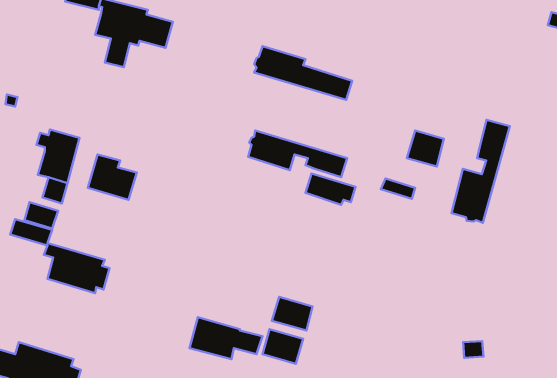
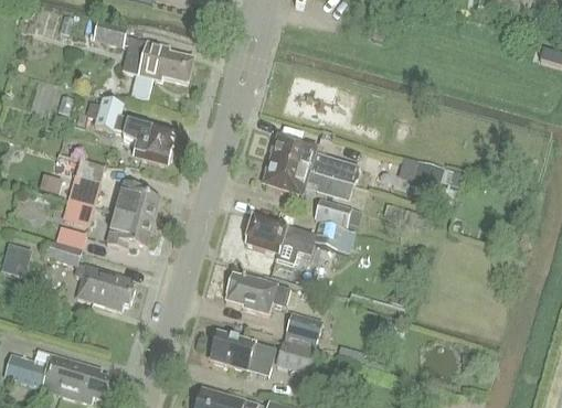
building: [254,46,352,100] -> [268,133,359,183]
building: none -> [93,96,176,164]
building: [451,120,510,223] -> none
building: none -> [105,211,151,247]
building: none -> [243,213,343,262]
building: none -> [225,273,288,312]

